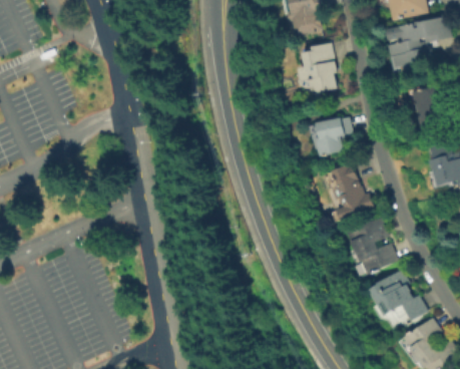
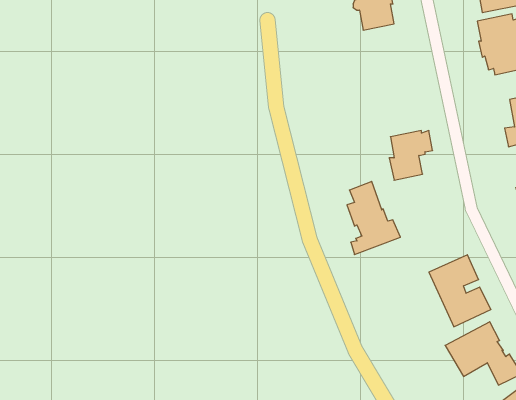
building: [294,42,338,92] -> none
building: [332,163,375,223] -> [347,181,400,255]

